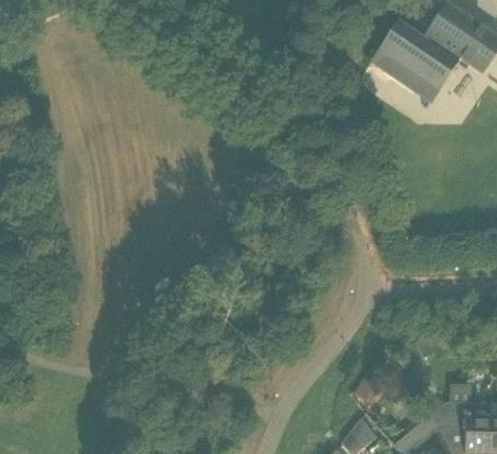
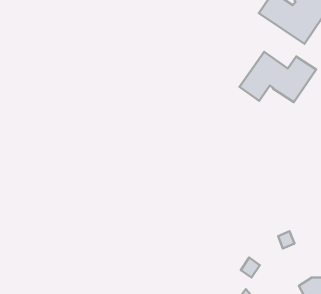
building: none -> [240,52,316,102]

